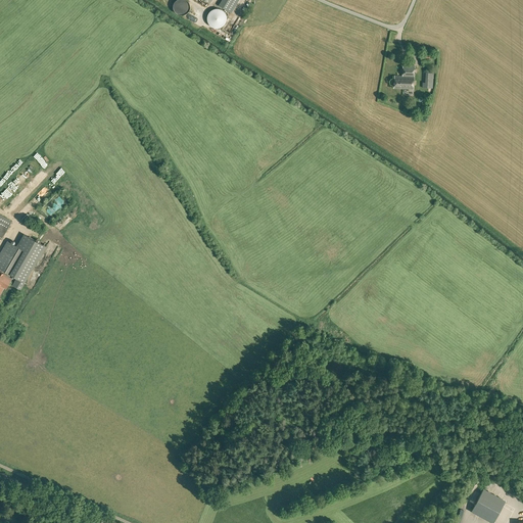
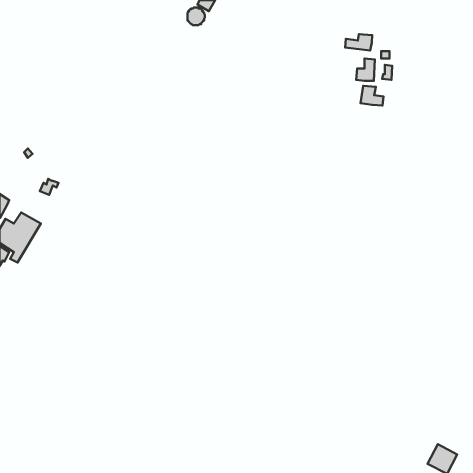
building: none -> [345,34,372,50]
building: none -> [361,86,383,105]

